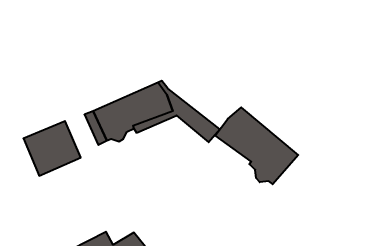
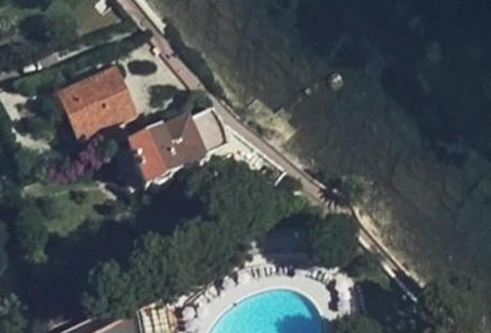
building: [215,107,298,184] -> none
building: [23,121,81,176] -> [56,68,128,137]

